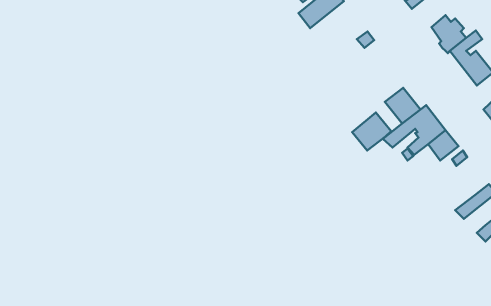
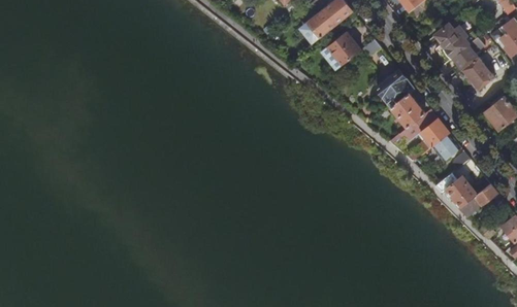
building: none -> [322,31,361,69]
building: [352,113,391,151] -> [377,70,414,106]
building: none -> [435,176,477,209]

